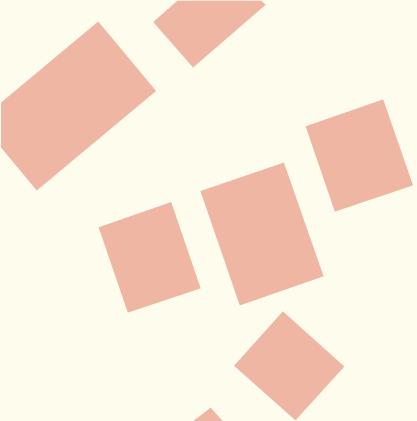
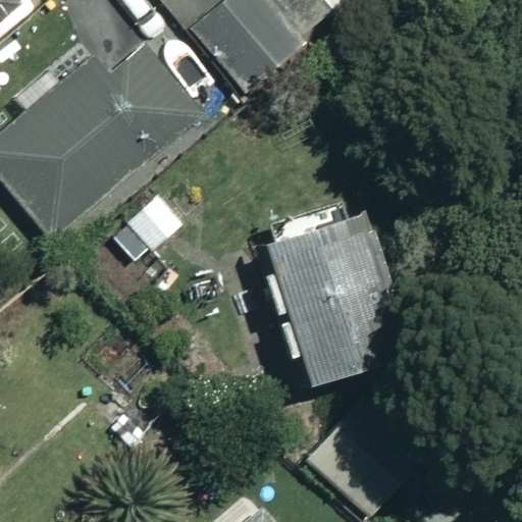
building: [305,99,414,213] -> none
building: [98,201,202,314] -> none

